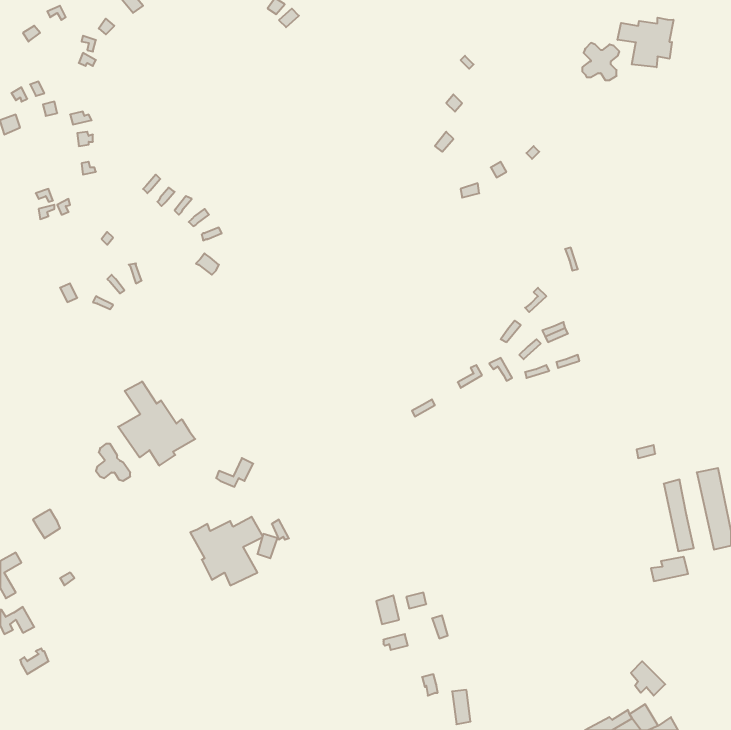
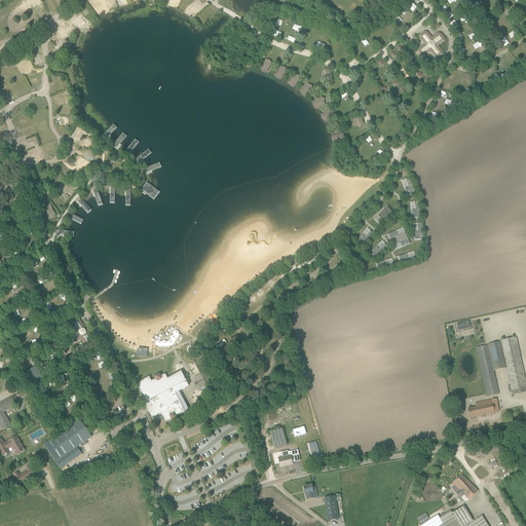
building: [618,18,673,67] -> none
building: [118,381,195,466] -> none
building: none -> [43,419,91,461]

